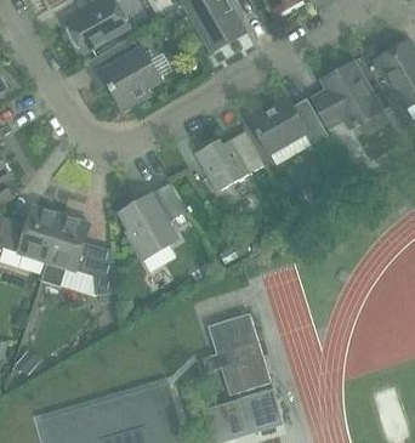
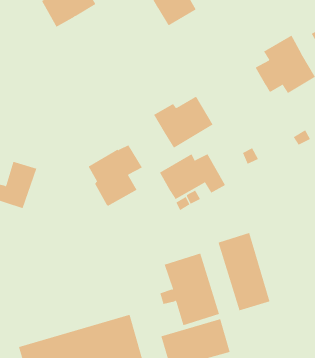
building: [84,36,160,110] -> none
building: [250,98,326,152] -> [159,154,226,200]
building: [40,215,116,303] -> none
building: none -> [218,232,270,311]

